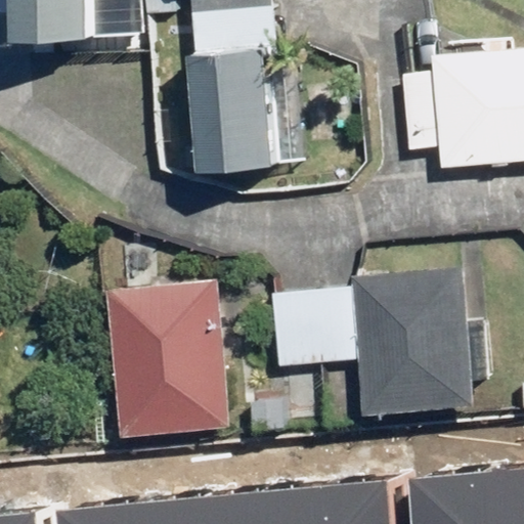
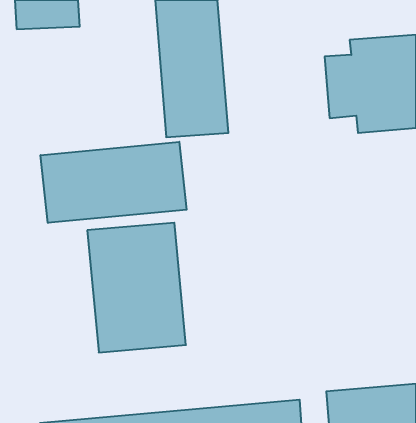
building: none -> [41,142,187,223]
building: [270,267,474,416] -> none

